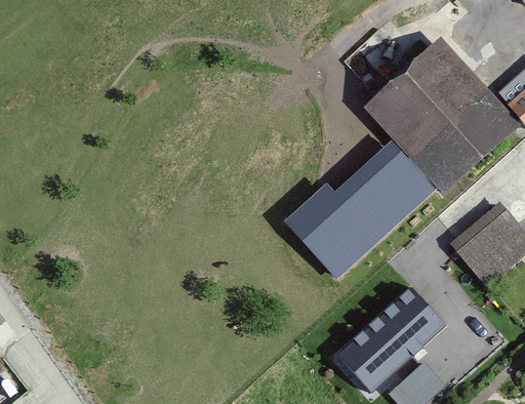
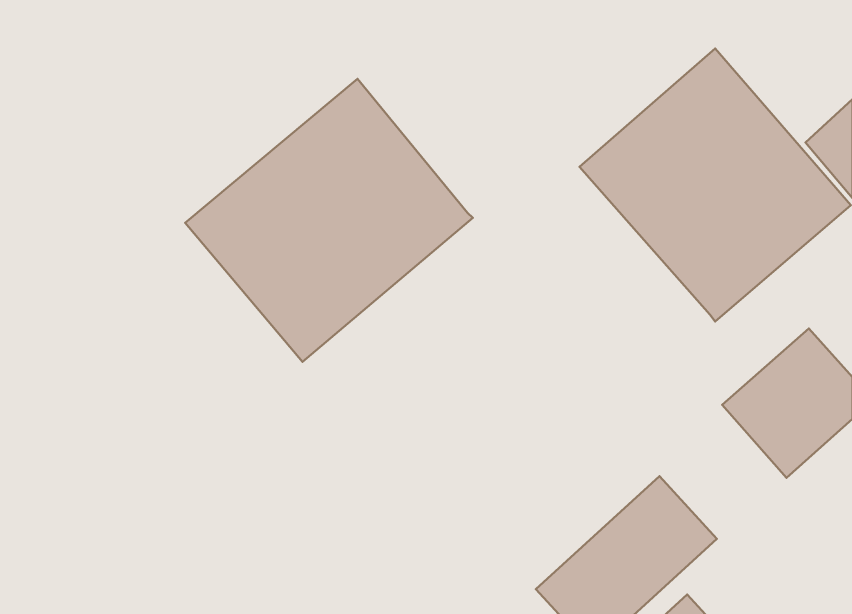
building: none -> [185,79,473,362]
building: [284,139,440,281] -> none

